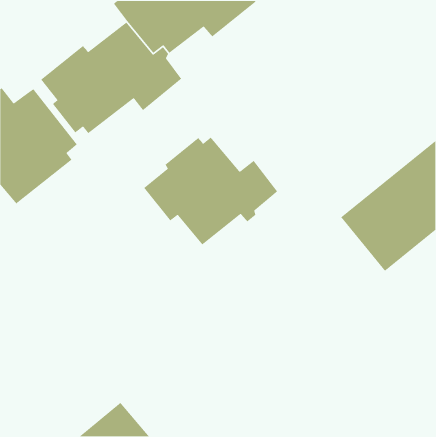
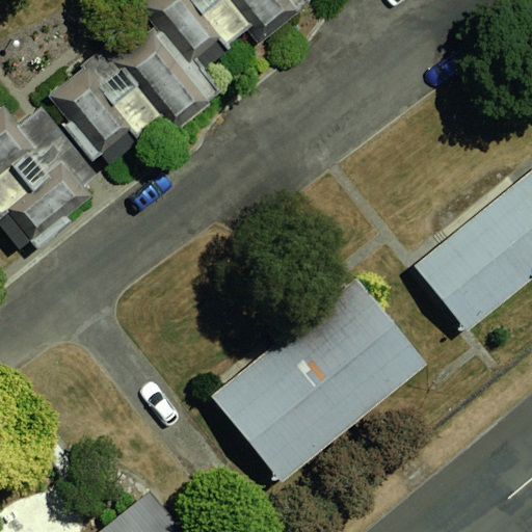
building: [143,136,278,245] -> none
building: none -> [212,278,426,481]

